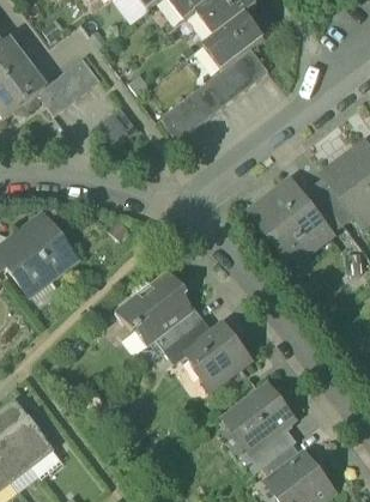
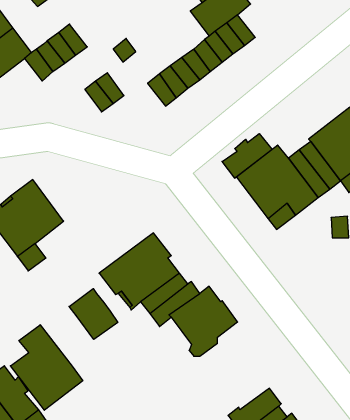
building: none -> [222,134,272,178]
building: none -> [69,289,118,339]
building: none -> [10,325,83,410]
building: [226,380,295,446] -> none

